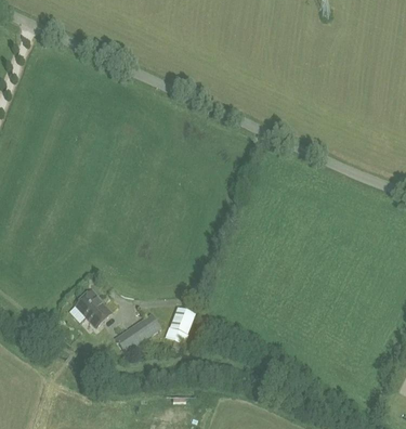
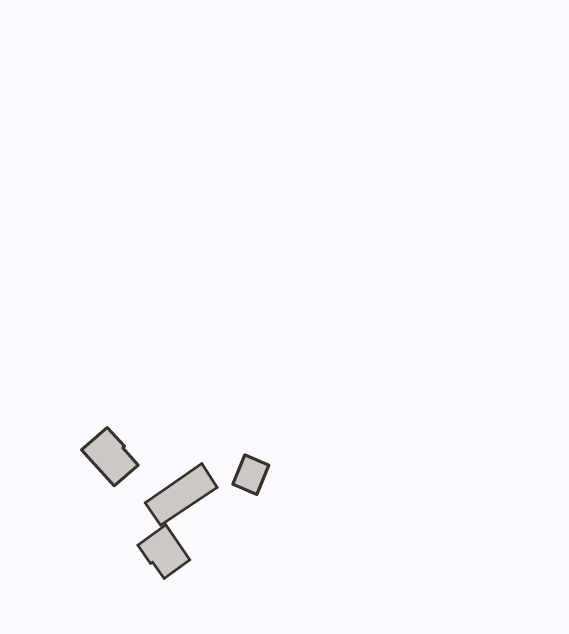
building: none -> [138,525,190,579]

